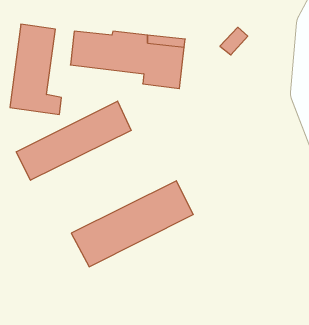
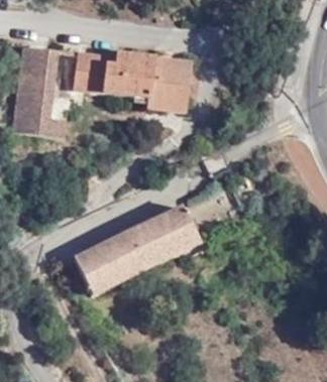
building: [16,101,131,180] -> none

